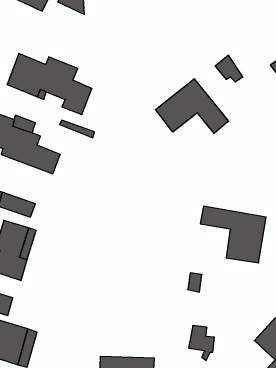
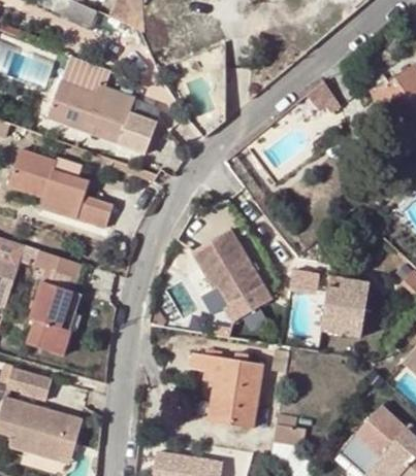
building: none -> [62,56,109,92]
building: [155,79,229,133] -> none
building: none -> [191,230,270,322]
building: none -> [190,353,263,427]

